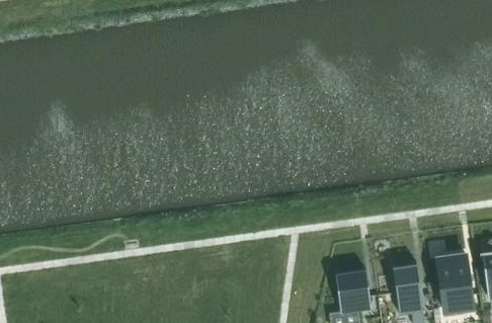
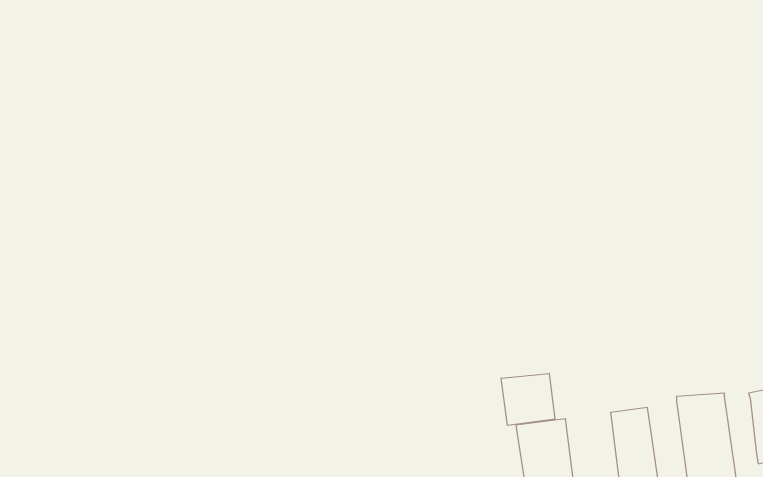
building: none -> [501,373,555,425]

